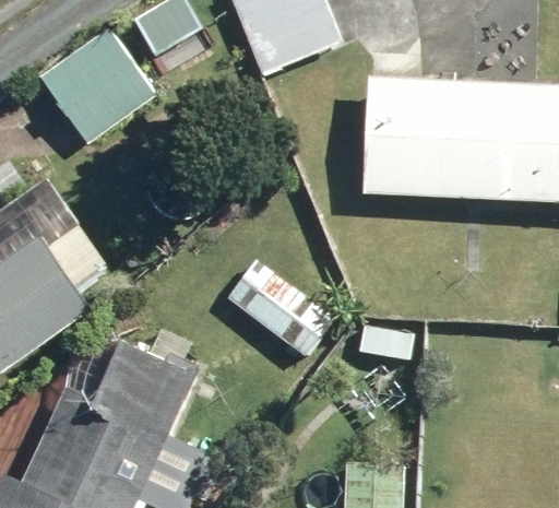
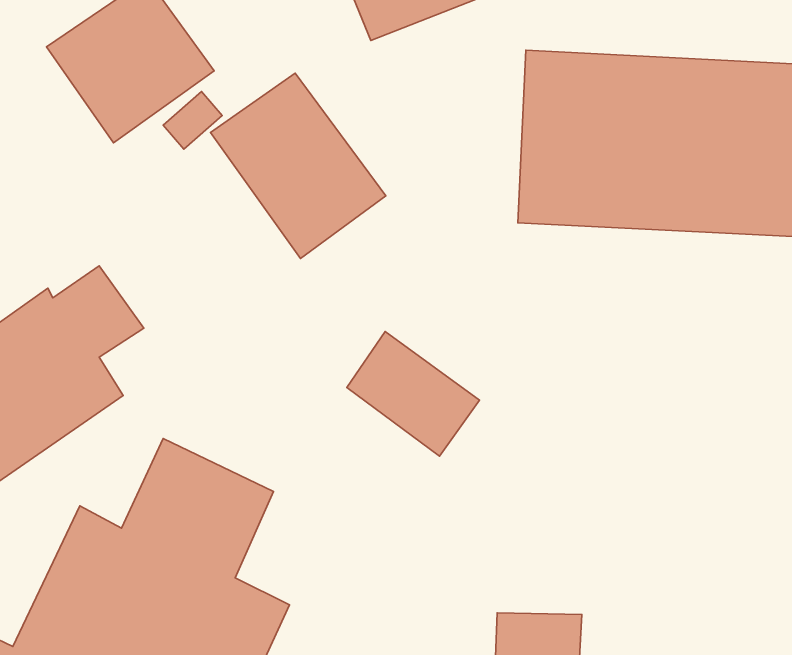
building: none -> [211,73,386,258]

